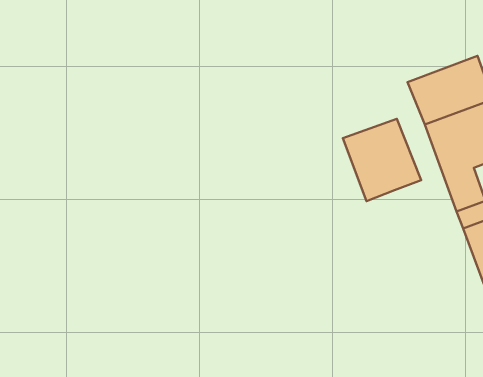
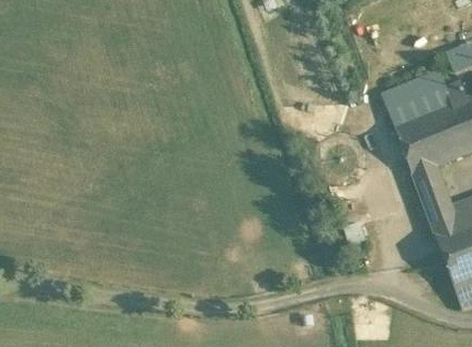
building: [343,119,421,201] -> none

